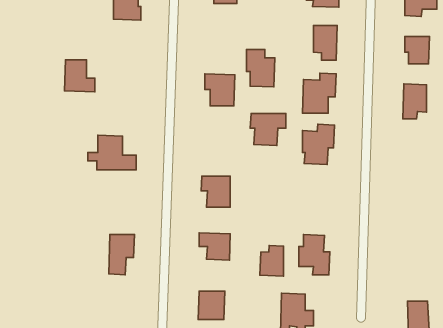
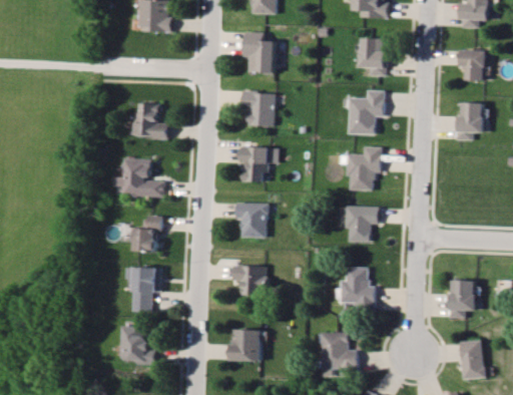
building: [246,50,275,87] -> [242,32,274,73]
building: [65,60,95,92] -> [133,103,166,138]
building: [250,113,286,145] -> [237,147,277,182]
building: none -> [346,206,380,243]
building: none -> [134,217,162,252]
building: [260,245,284,276] -> none
building: none -> [450,280,477,318]
building: none -> [122,327,157,363]

